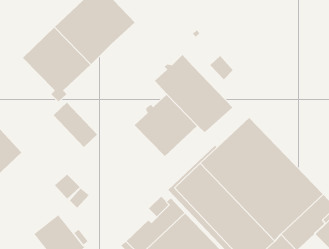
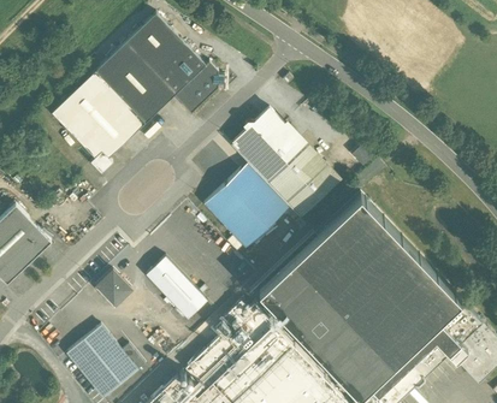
building: none -> [172,60,223,112]
building: [210,55,233,80] -> none
building: [53,102,98,148] -> [144,255,206,318]

